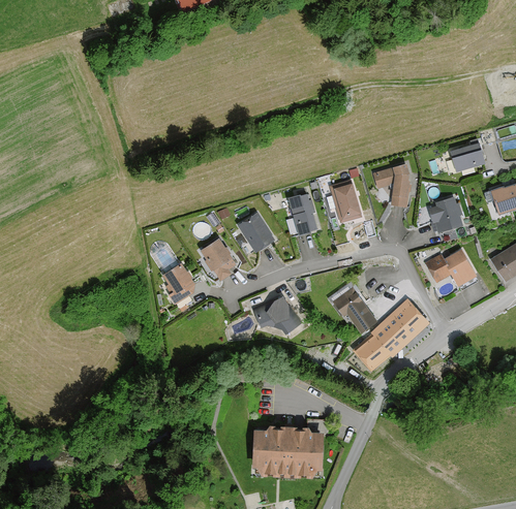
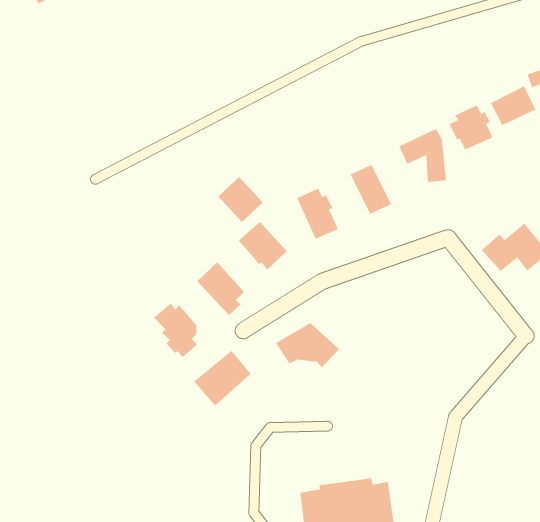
building: none -> [218,176,263,223]
building: [429,197,462,231] -> [449,104,494,151]
building: [327,280,376,332] -> none
building: [354,299,430,372] -> none
building: none -> [193,350,252,406]

